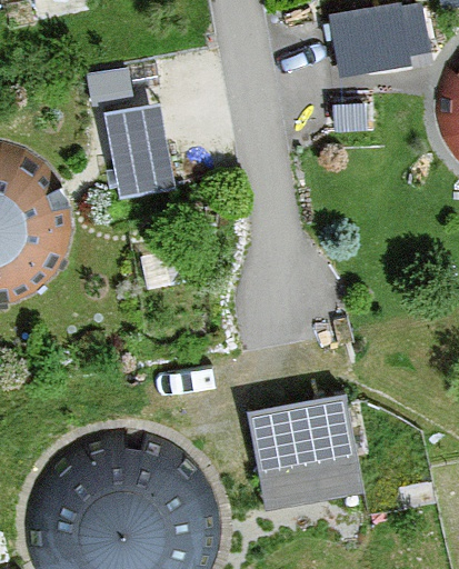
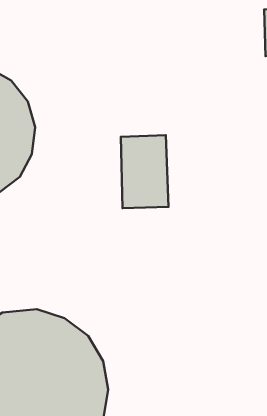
building: [103,102,176,200] -> [121,135,168,208]
building: [247,396,356,480] -> none

